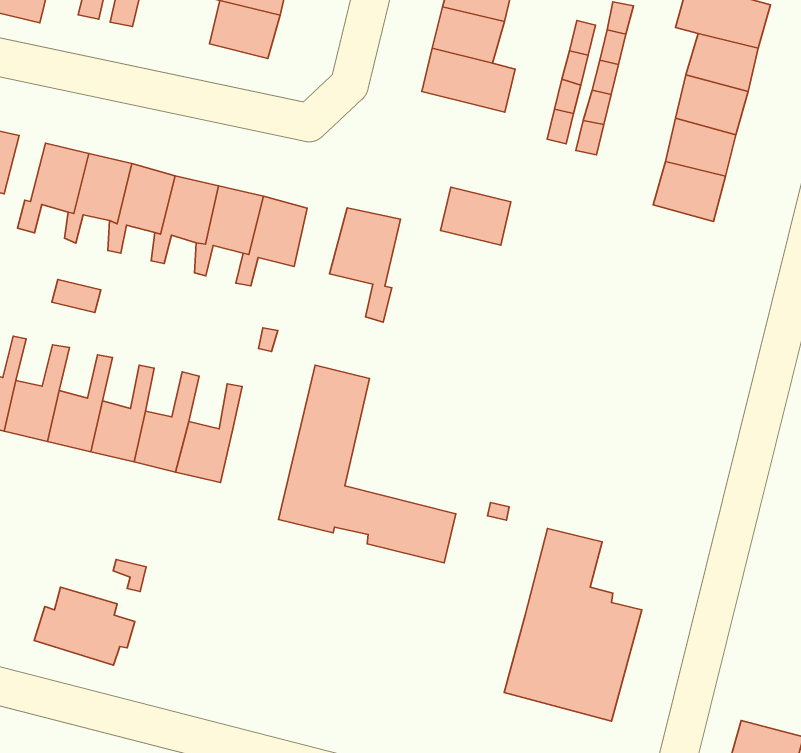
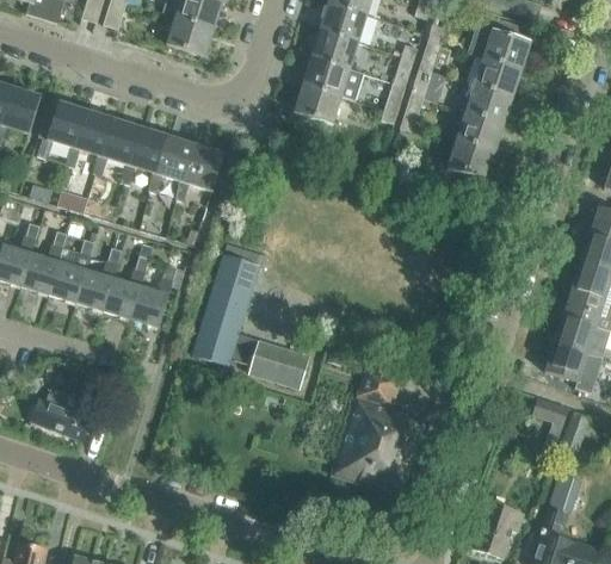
building: [440,187,511,245] -> [295,83,341,123]
building: [330,208,400,322] -> none

